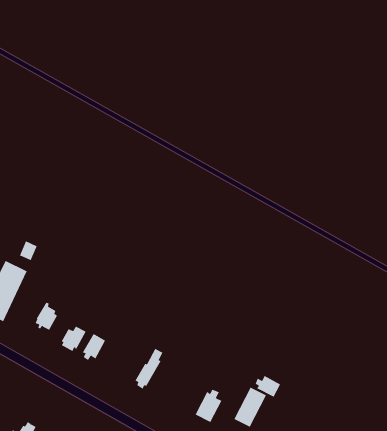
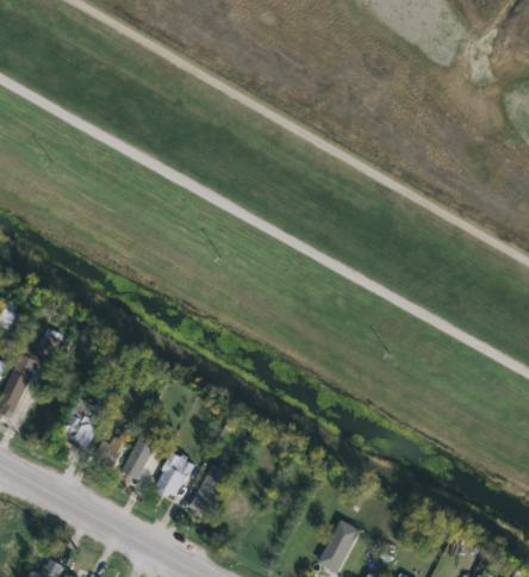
building: none -> [155,452,194,497]
building: [255,375,281,398] -> none
building: [195,389,222,423] -> none

